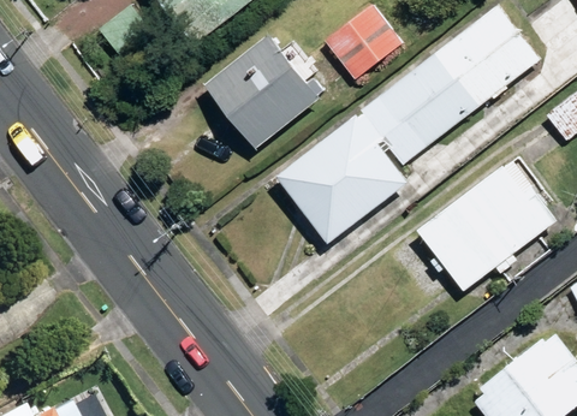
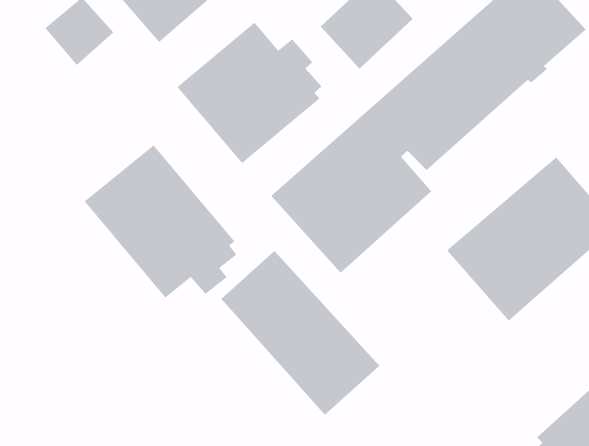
building: none -> [84,144,237,299]
building: none -> [220,250,380,416]

